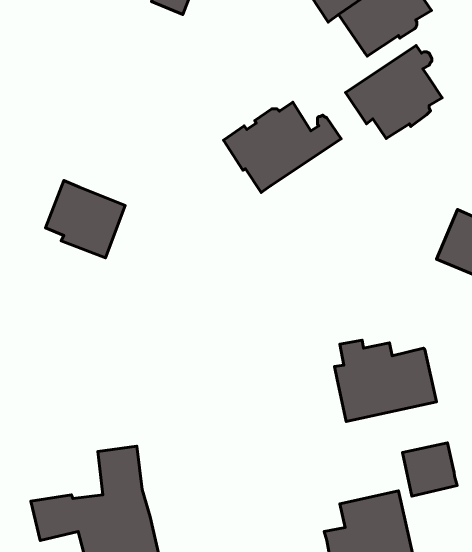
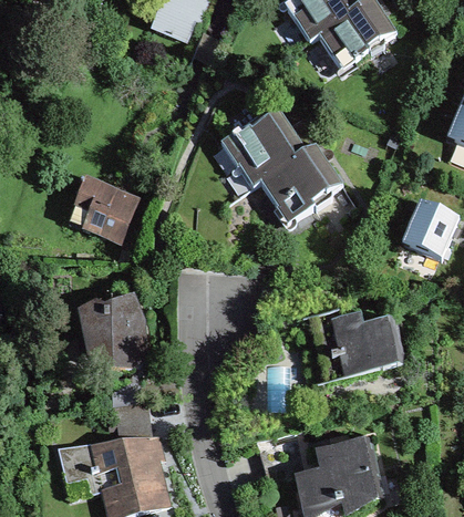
building: [345,45,442,138] -> [260,141,342,219]
building: none -> [81,296,143,370]
building: [403,443,457,496] -> none

